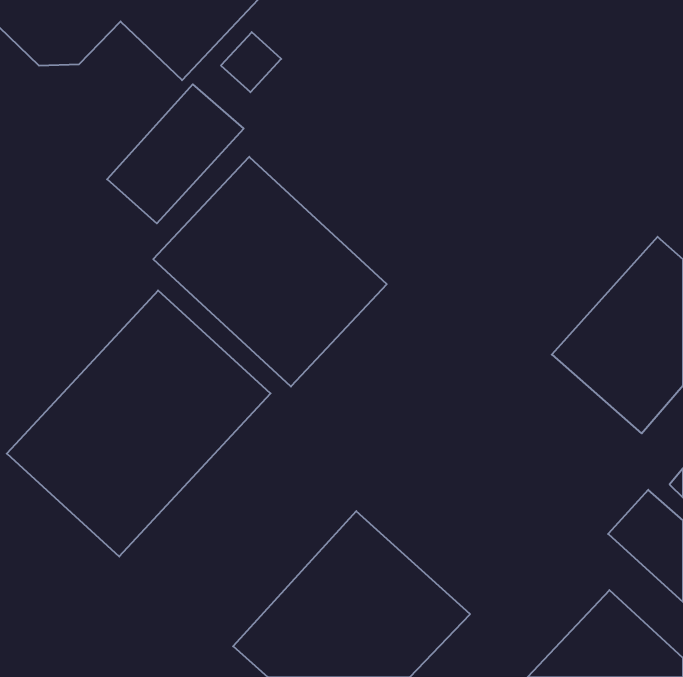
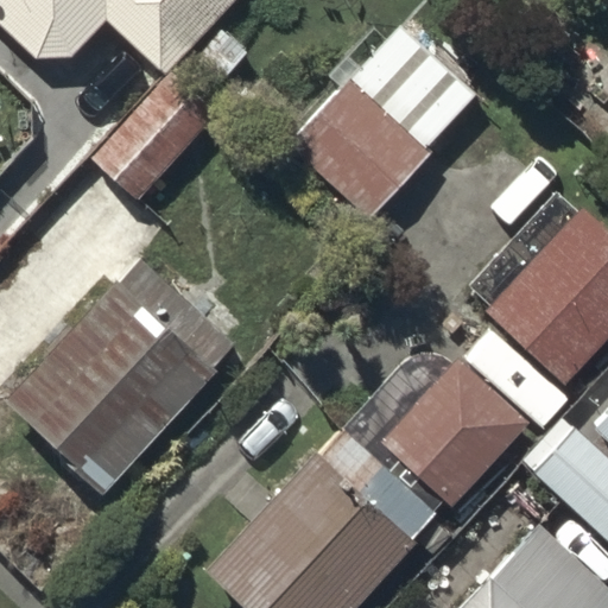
building: none -> [290,26,477,216]
building: [153,157,387,387] -> none
building: none -> [382,361,526,506]

